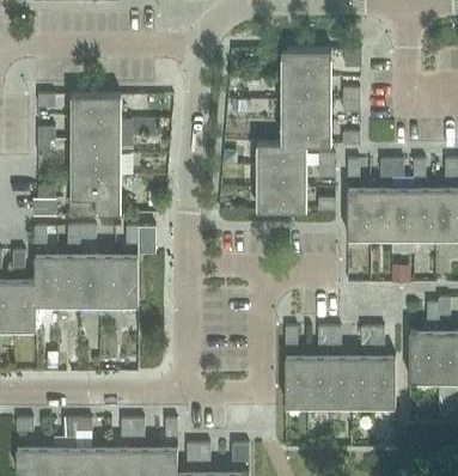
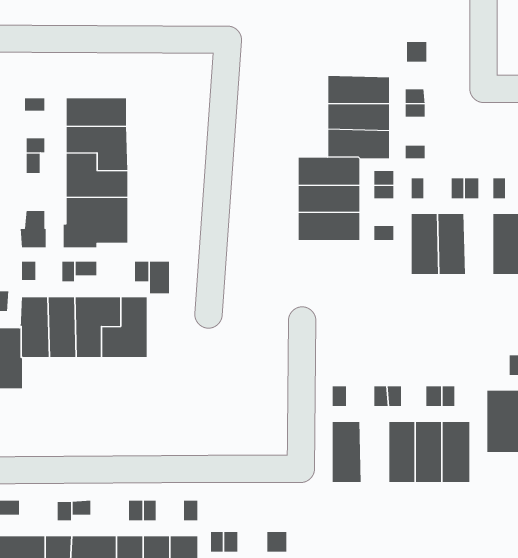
building: [281,51,331,80] -> none
building: [391,190,414,239] -> none
building: [307,358,330,407] -> none

